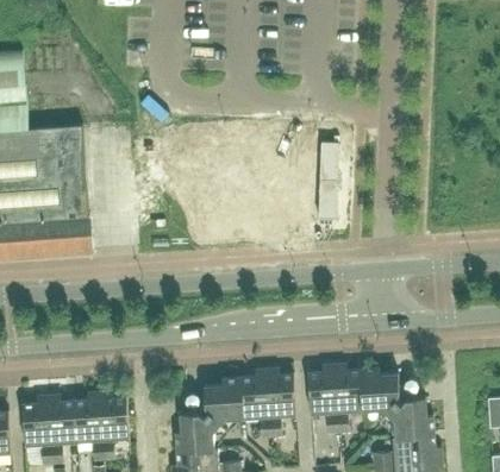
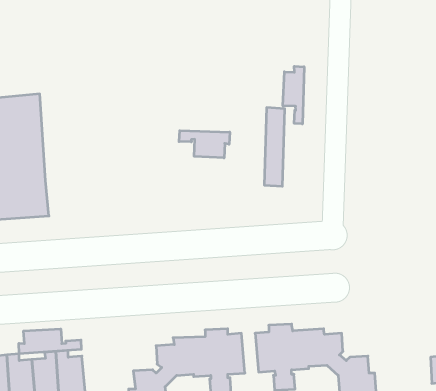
building: none -> [283,66,304,124]
building: none -> [179,131,230,158]
building: none -> [19,329,81,354]

